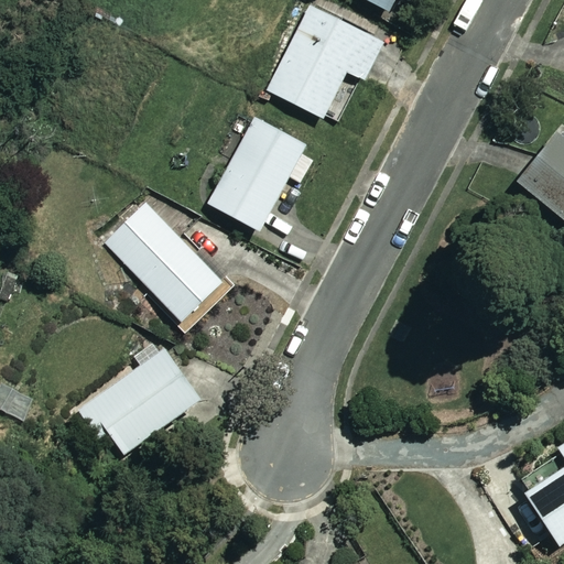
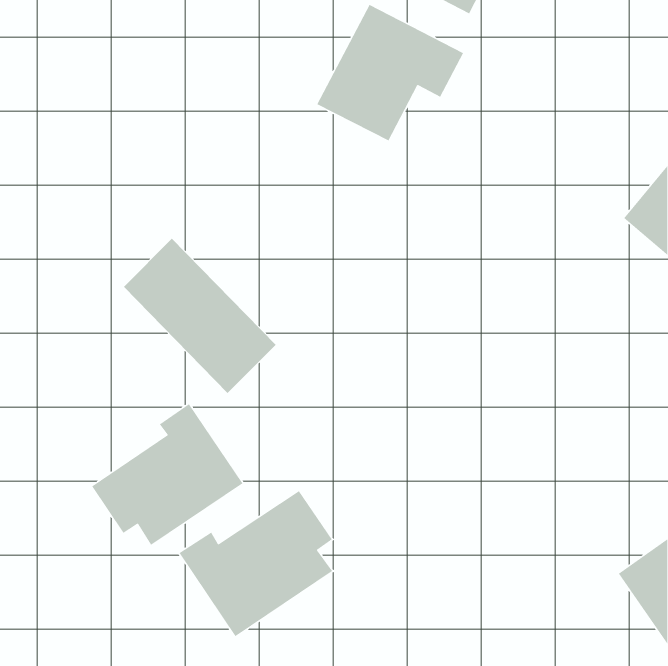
building: [206,118,310,232] -> none
building: none -> [178,490,333,637]

